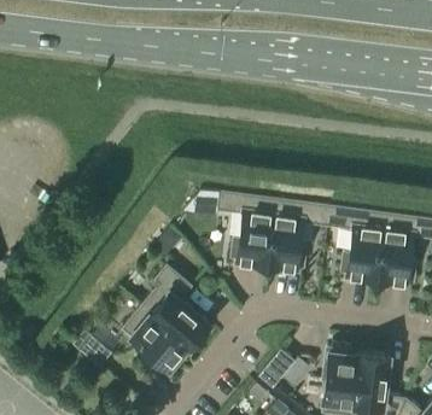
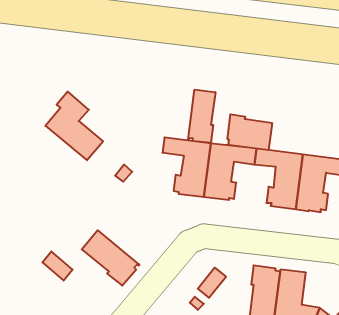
building: none -> [188,90,215,143]
building: none -> [227,114,272,150]
building: [140,265,209,347] -> [45,92,103,160]

